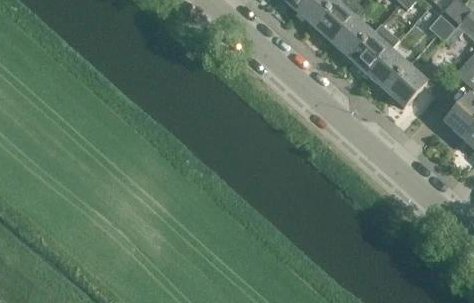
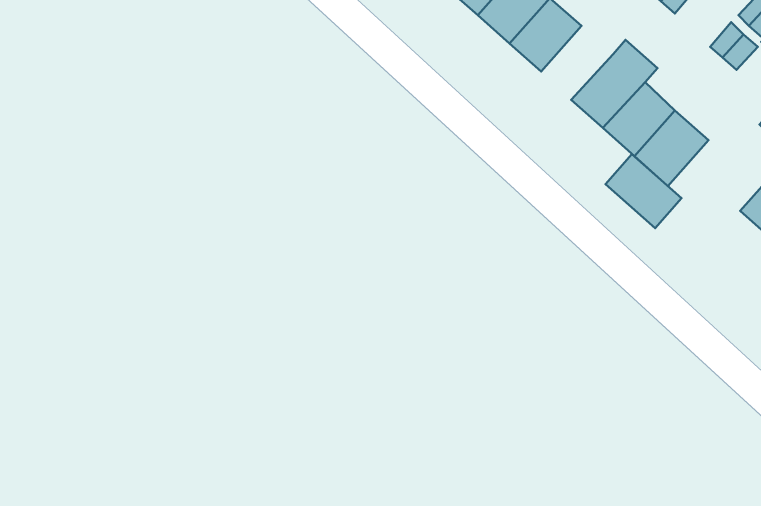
building: [332,16,373,58] -> none
building: none -> [605,154,682,228]

